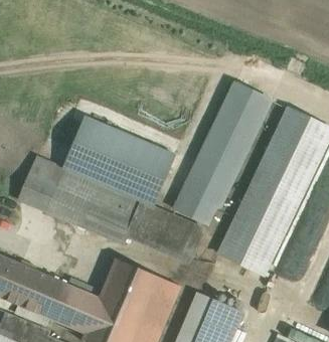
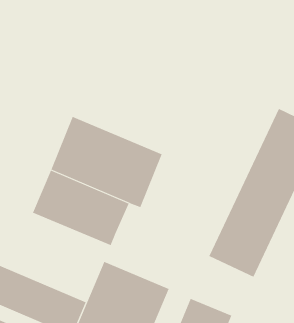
building: [174,82,270,224] -> none
building: [19,158,63,211] -> none
building: [128,202,203,258] -> none

